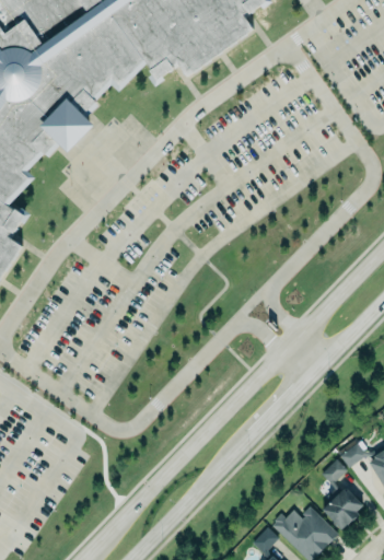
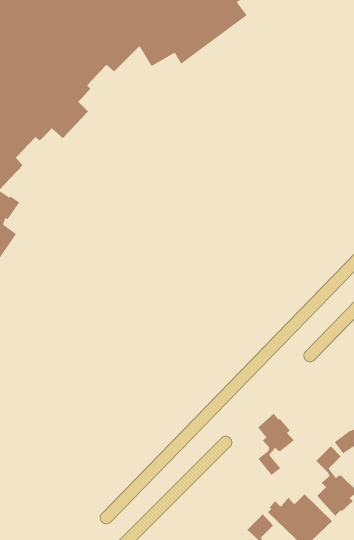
building: none -> [257,413,295,476]

